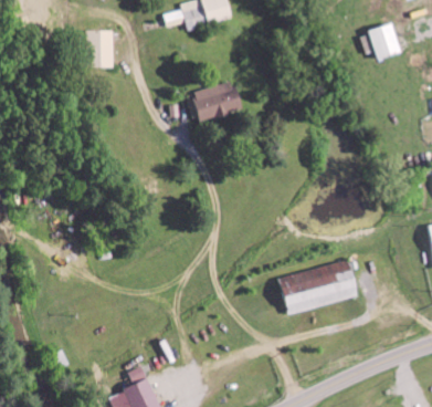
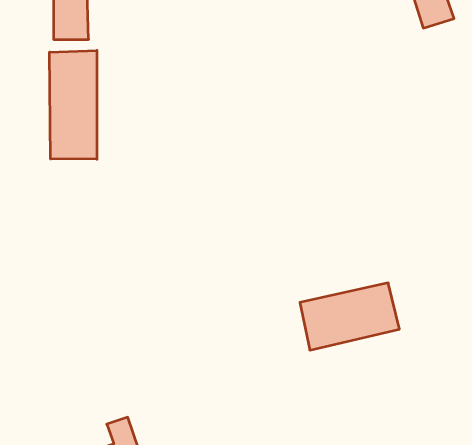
building: none -> [50,50,97,159]
building: [190,81,241,122] -> none

